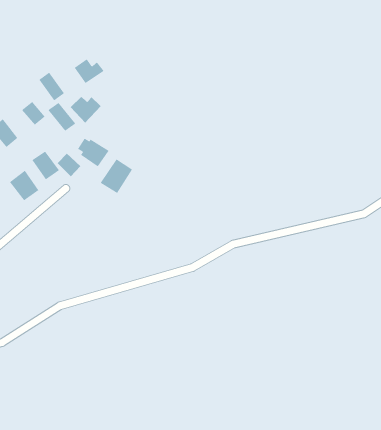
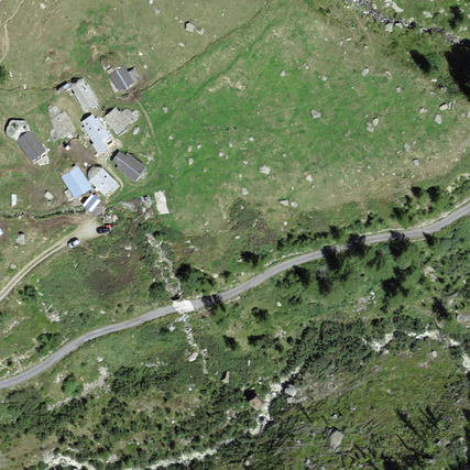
building: [100,158,133,194] -> none
building: [9,170,39,201] -> none

